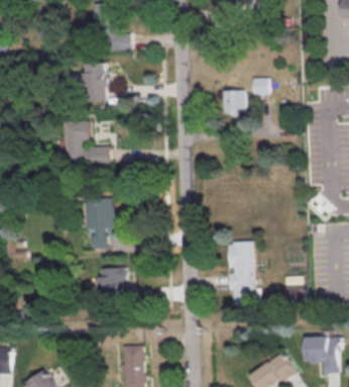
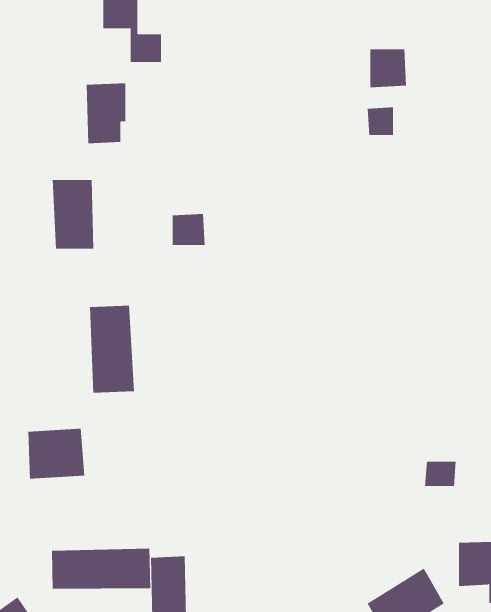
building: [222,90,244,113] -> [370,49,407,88]
building: [90,146,110,165] -> [172,213,206,246]
building: [228,240,254,304] -> none
building: [97,266,131,296] -> [27,428,85,479]
building: none -> [52,548,151,589]

